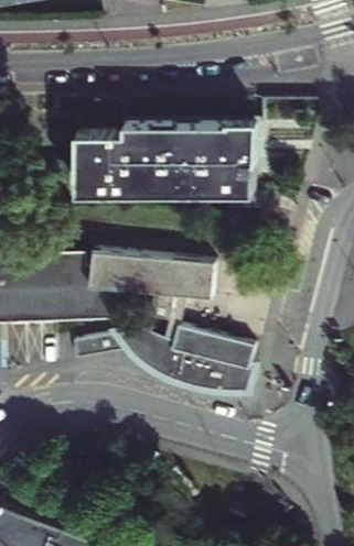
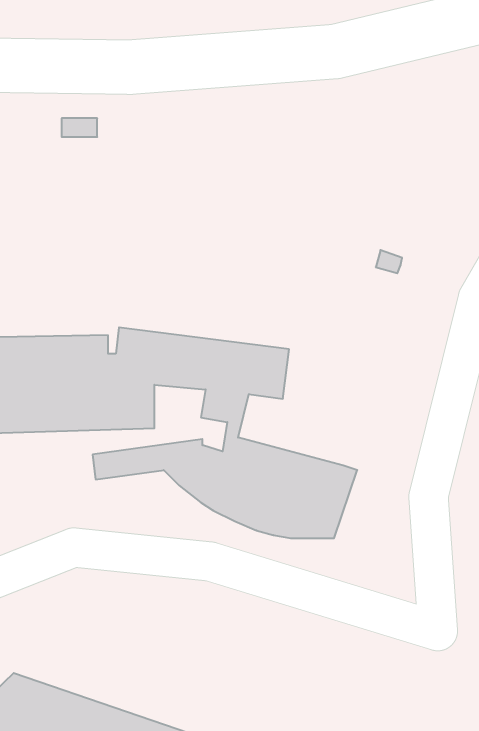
building: [77,120,257,194] -> none

